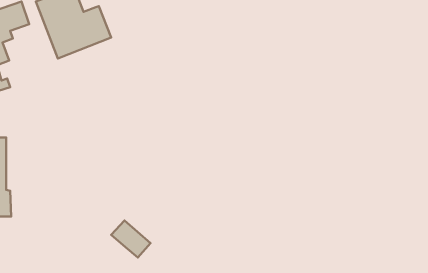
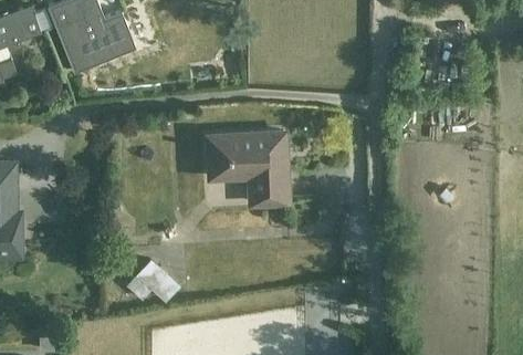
building: none -> [209,132,287,202]

